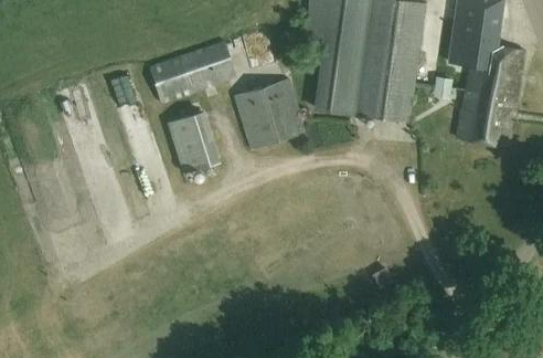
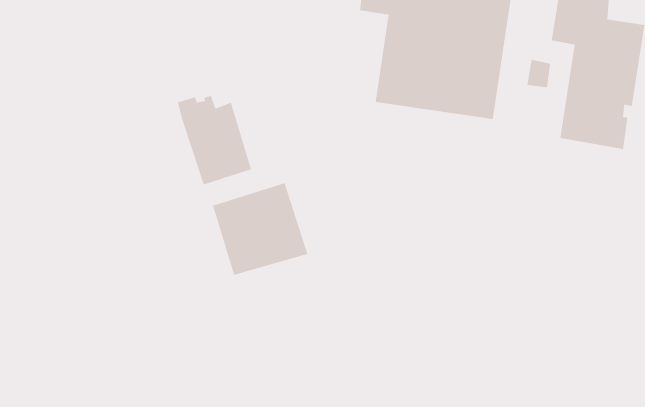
building: [148,41,236,105] -> none
building: [233,77,307,149] -> [212,182,308,276]

